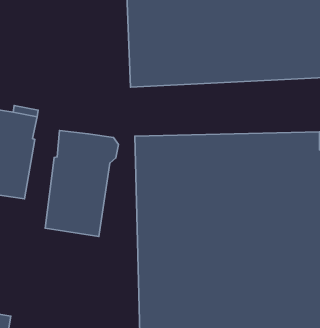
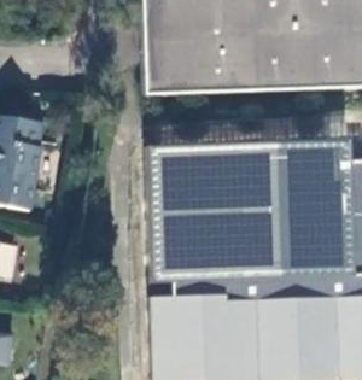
building: [45,131,118,236] -> none

